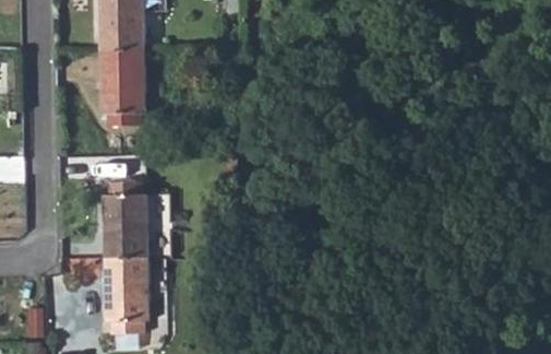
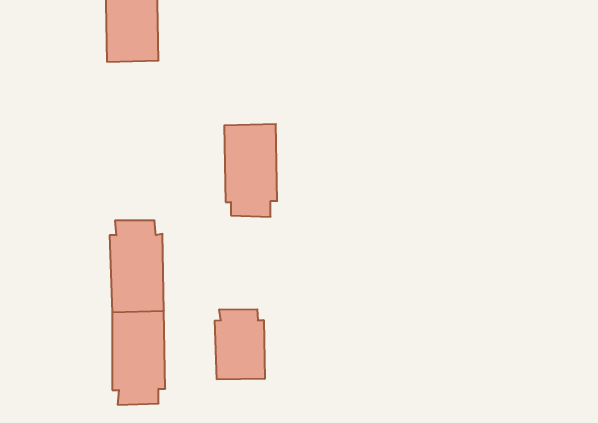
building: [100,54,144,130] -> [224,124,277,217]
building: none -> [215,309,265,379]

